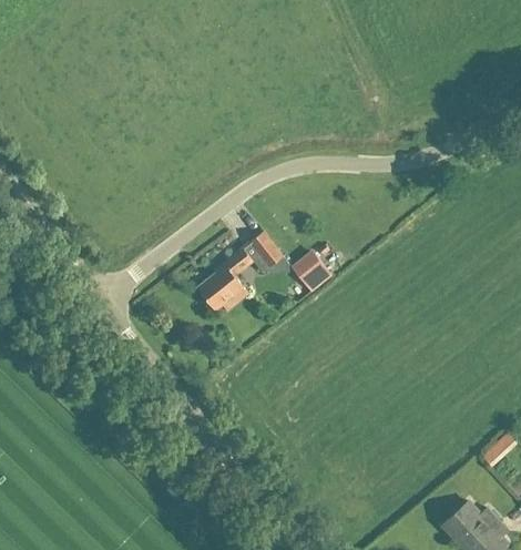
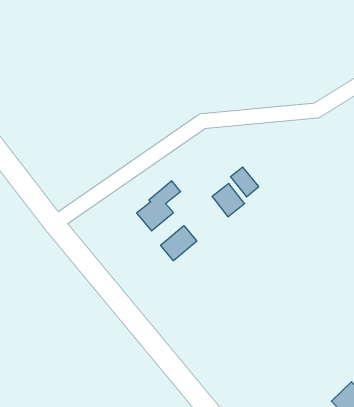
building: [249,232,285,269] -> [231,167,259,197]
building: none -> [161,226,197,261]

